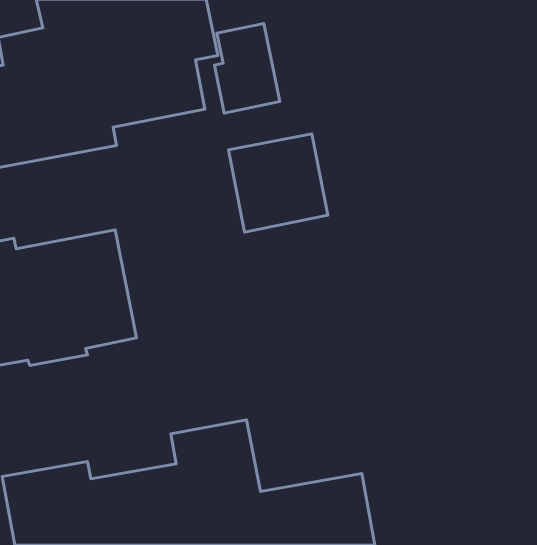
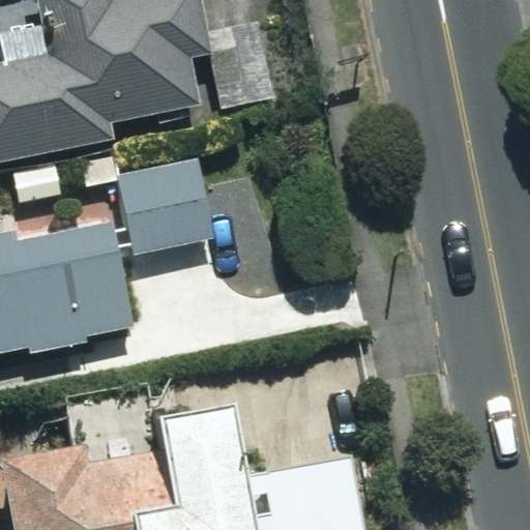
building: [229,134,328,232] -> [115,160,211,256]

